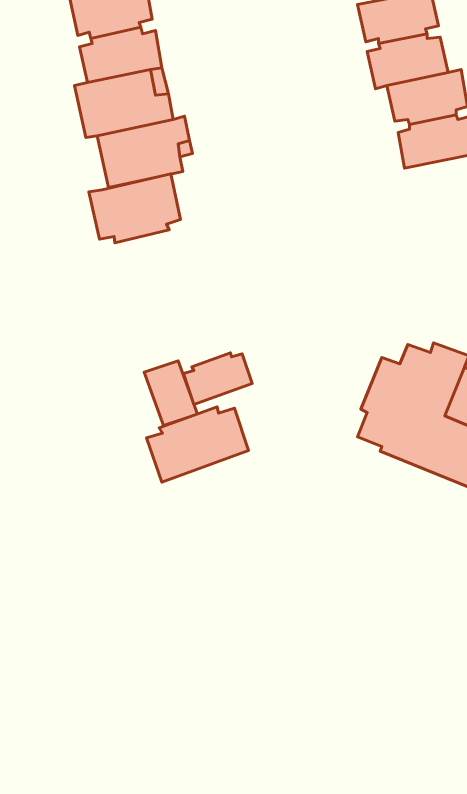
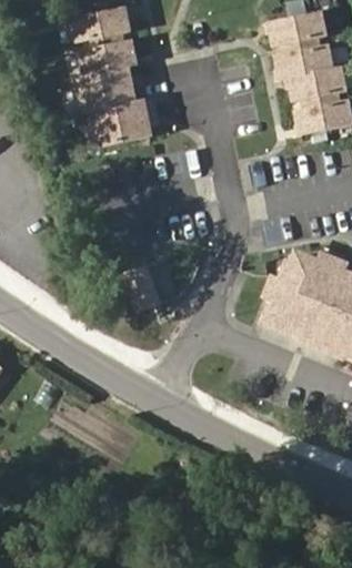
building: [89,174,181,243] -> none
building: [183,353,252,405] -> none
building: [147,407,249,482] -> none

